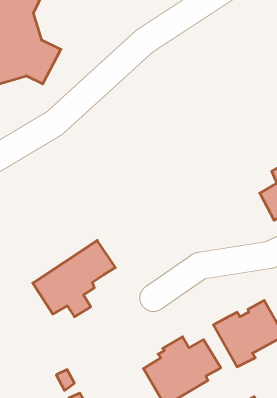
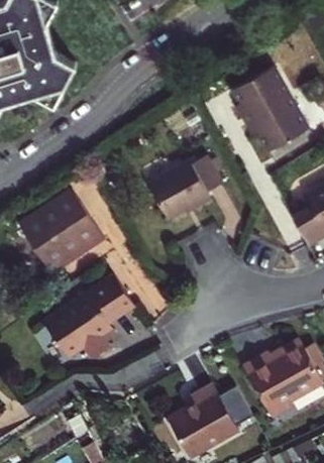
building: none -> [228,66,307,154]
building: none -> [151,156,227,222]
building: none -> [21,190,103,268]

